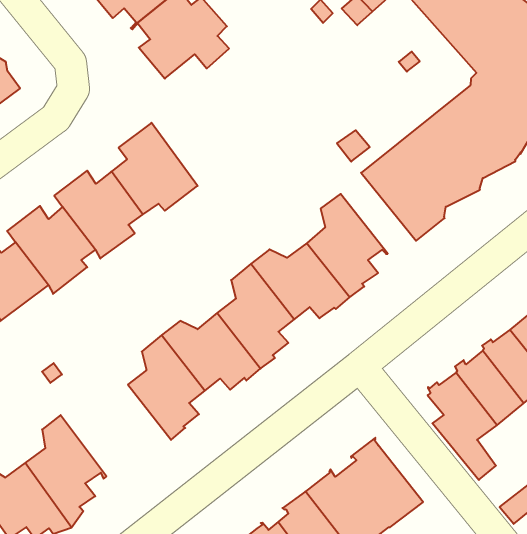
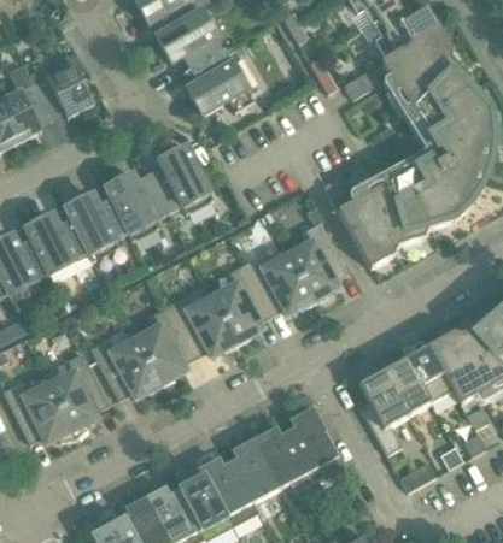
building: none -> [90,337,160,397]

